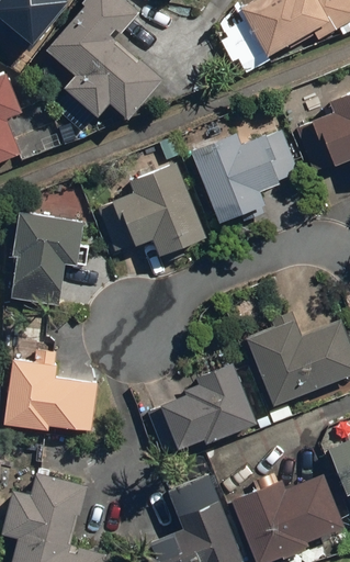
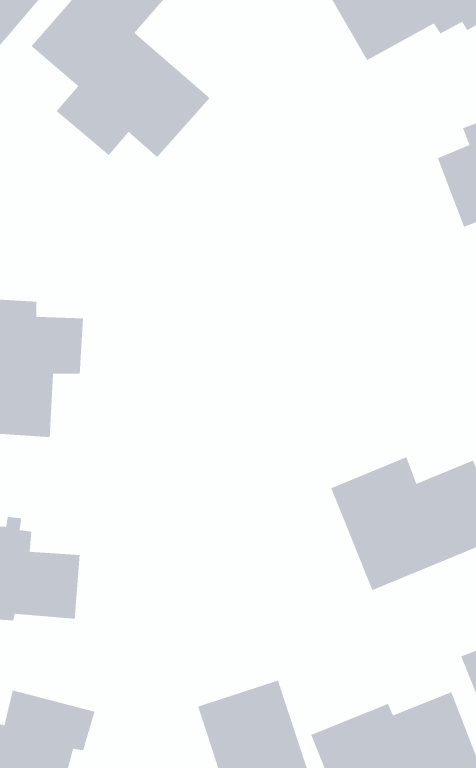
building: [194,135,291,221] -> none
building: [114,162,206,255] -> none
building: [143,362,259,450] -> none

